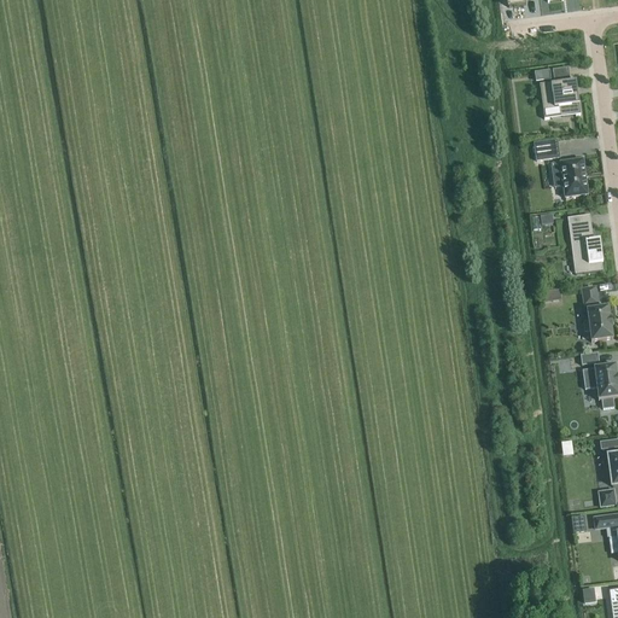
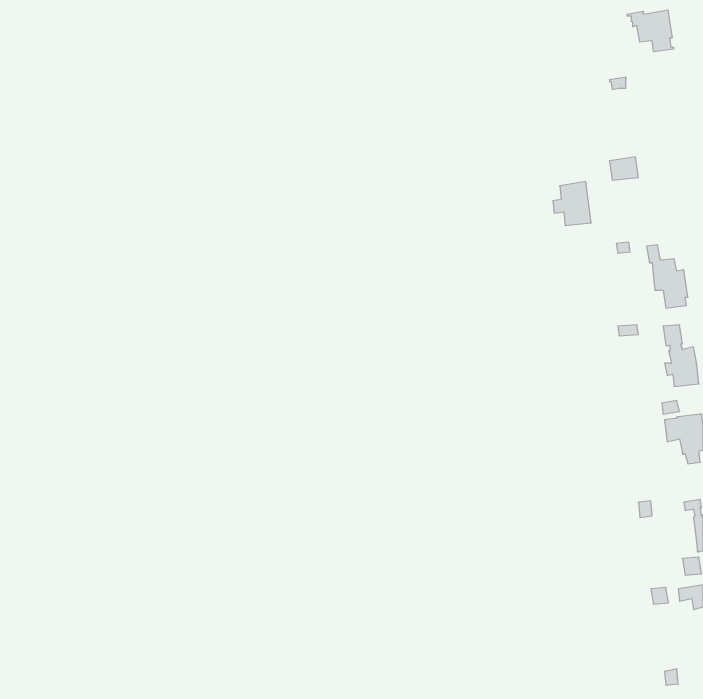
building: [540,78,581,115] -> [627,10,674,51]
building: [554,157,588,196] -> [553,182,591,226]

